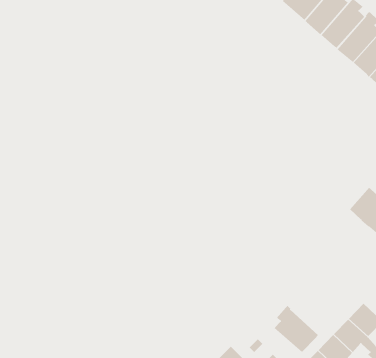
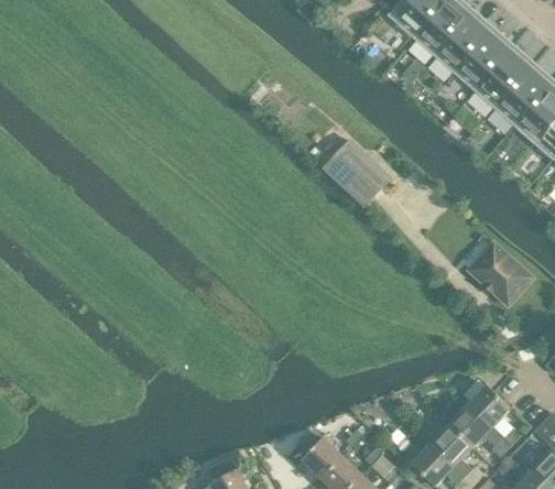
building: none -> [322,138,392,207]
building: [274,305,319,353] -> none

